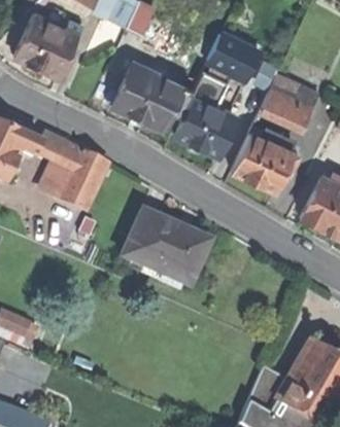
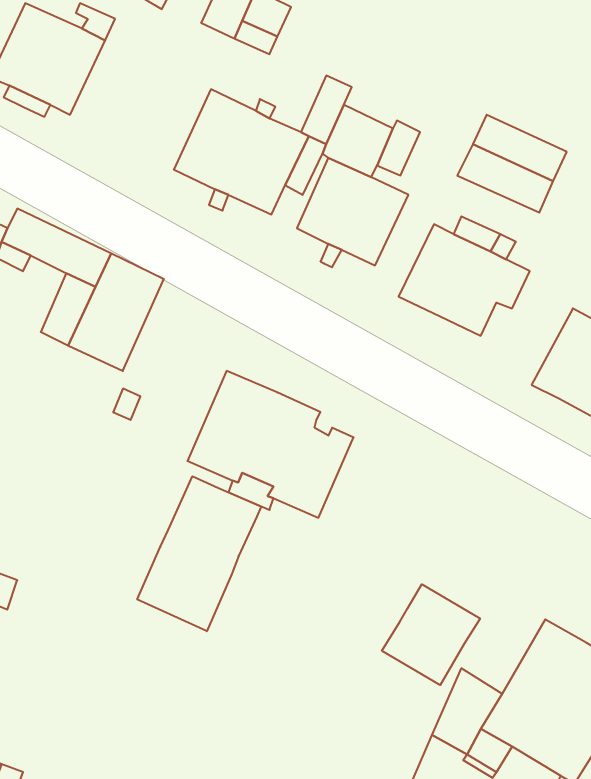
building: [208,33,260,78] -> none
building: none -> [137,476,261,631]
building: none -> [382,584,480,685]

